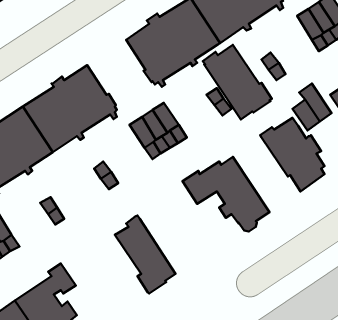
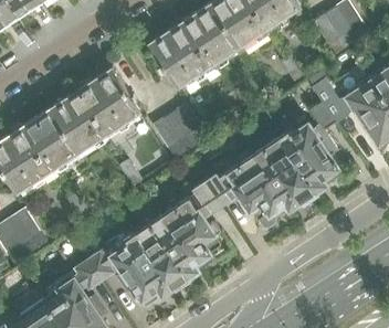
building: [203,45,272,120] -> [251,140,317,212]
building: none -> [162,182,220,272]
building: none -> [85,232,170,306]

